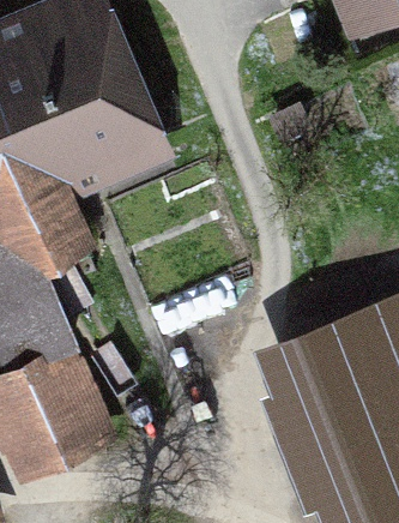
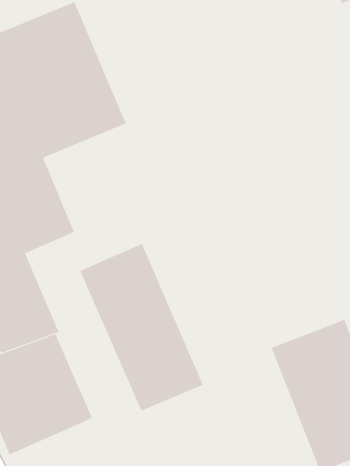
building: none -> [79,243,203,412]

